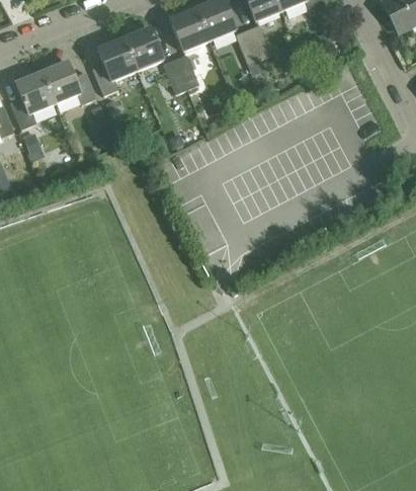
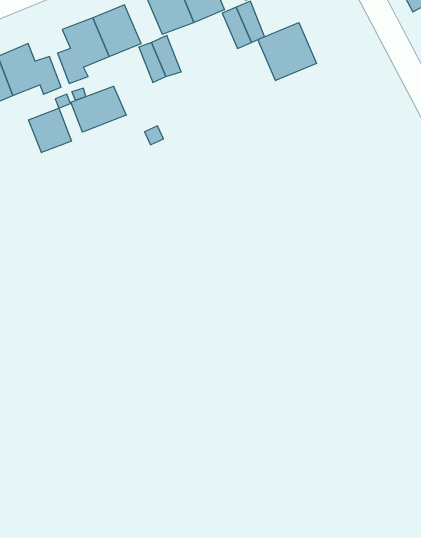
building: none -> [258,23,316,81]
building: none -> [71,86,126,132]
building: none -> [28,108,72,153]

